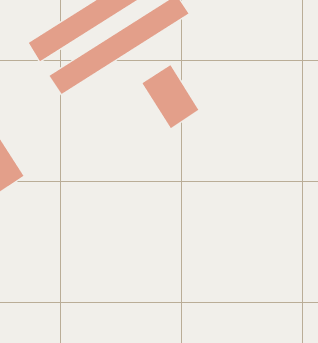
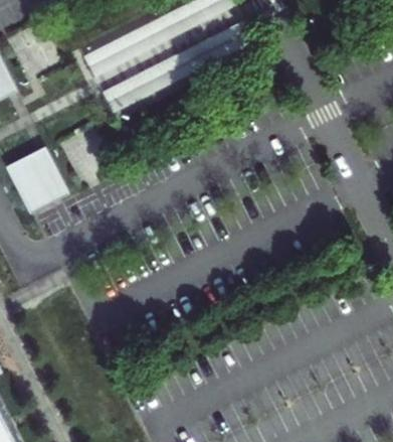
building: [141,64,199,129] -> none

